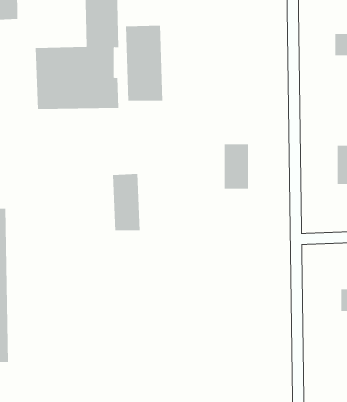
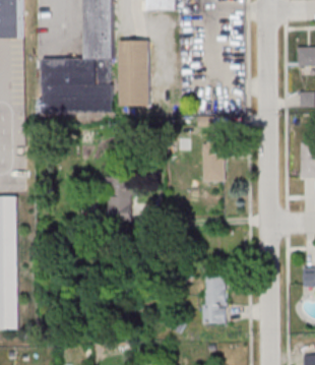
building: none -> [201,272,226,323]

